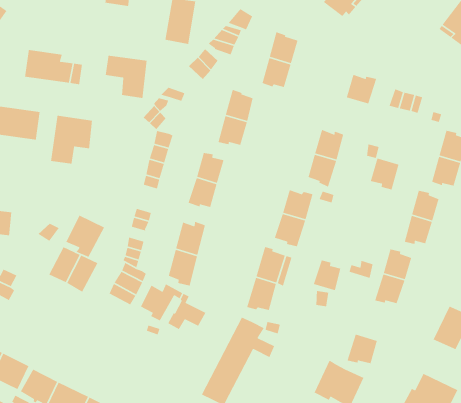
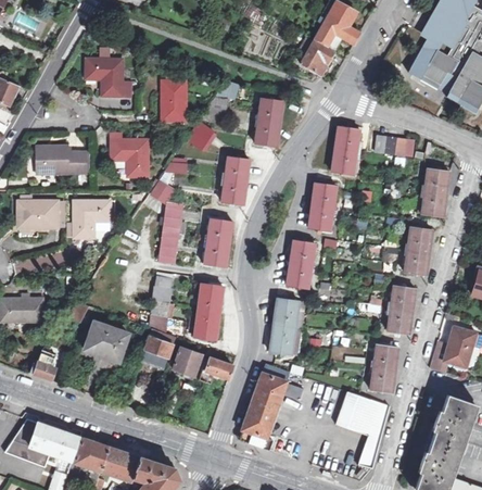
building: [370,157,400,190] -> [331,149,356,177]
building: [65,214,105,258] -> none
building: [313,260,341,291] -> [373,340,397,367]

